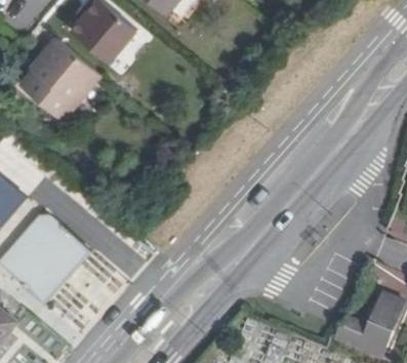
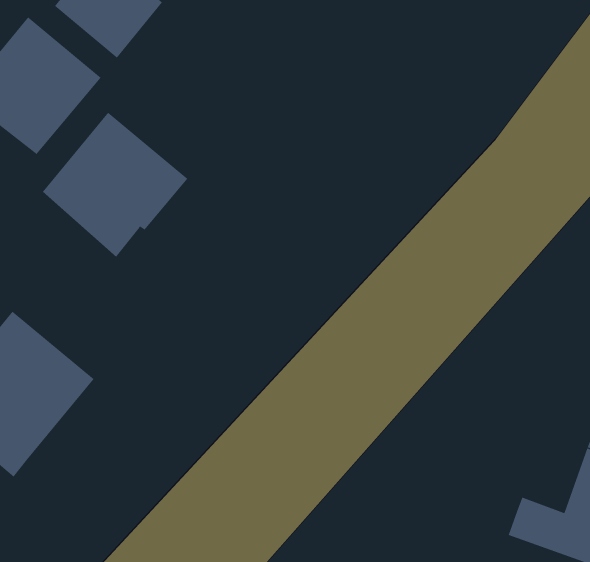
building: none -> [42,112,188,258]

